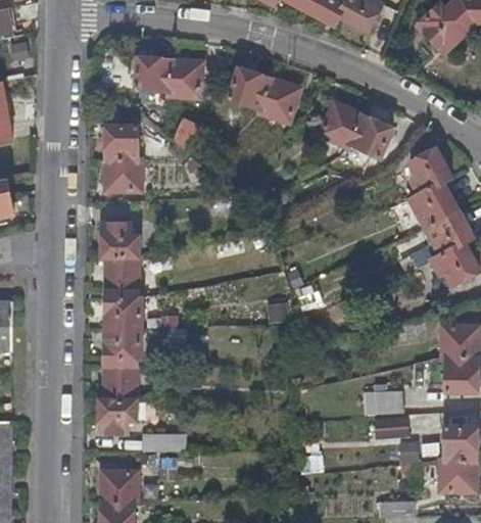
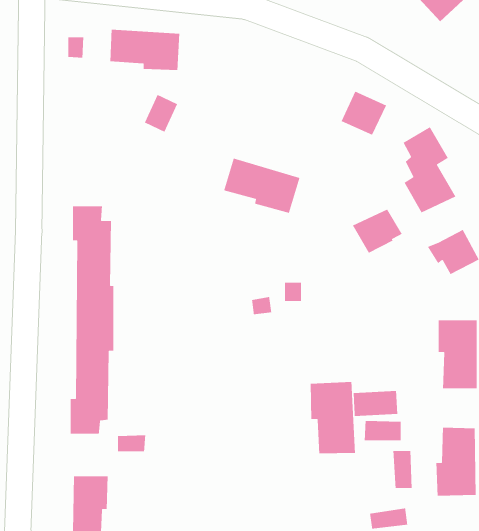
building: [228,67,299,120] -> [223,158,300,214]
building: [320,101,364,145] -> none
building: [106,124,142,188] -> none
building: [425,212,472,254] -> [352,209,403,254]
building: none -> [310,381,356,454]

